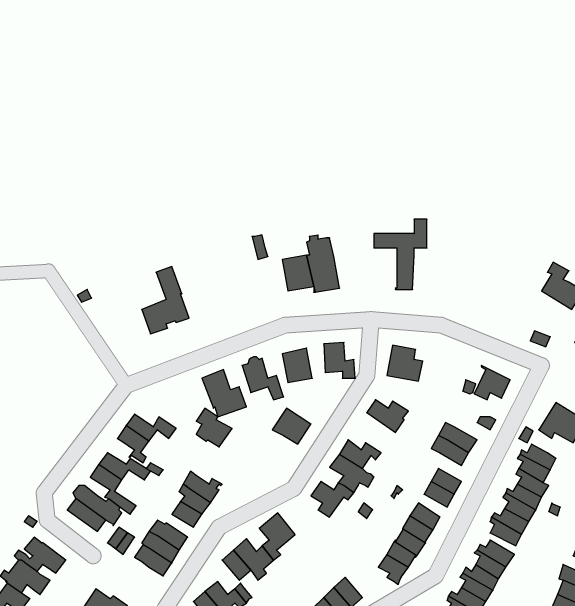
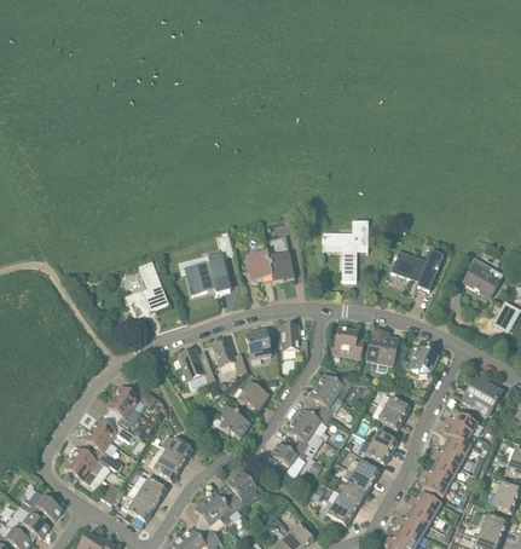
building: none -> [185,248,230,293]
building: none -> [390,250,441,290]
building: none -> [366,329,398,372]
building: [196,408,232,447] -> [220,405,250,438]
building: none -> [308,383,342,417]

